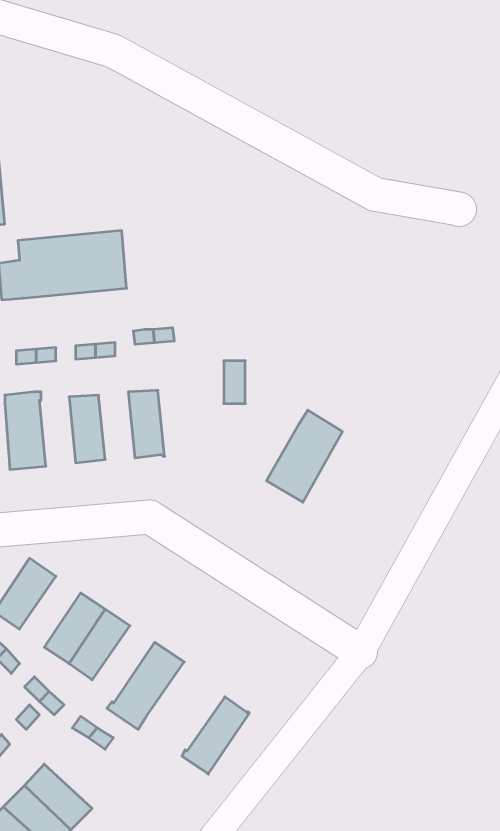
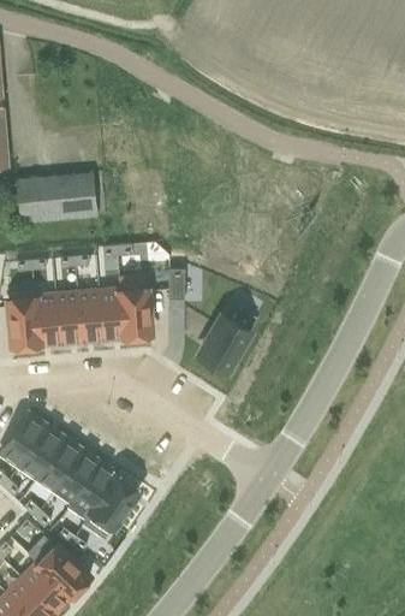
building: none -> [119,278,150,339]
building: none -> [77,292,103,342]
building: none -> [34,296,60,346]
building: none -> [19,427,64,479]
building: [182,697,249,774] -> [69,463,118,520]
building: none -> [37,545,90,597]

